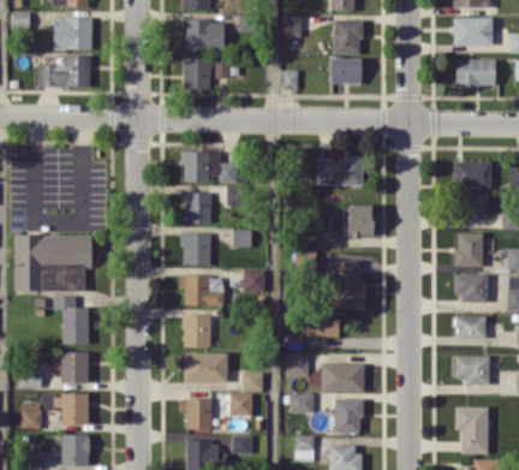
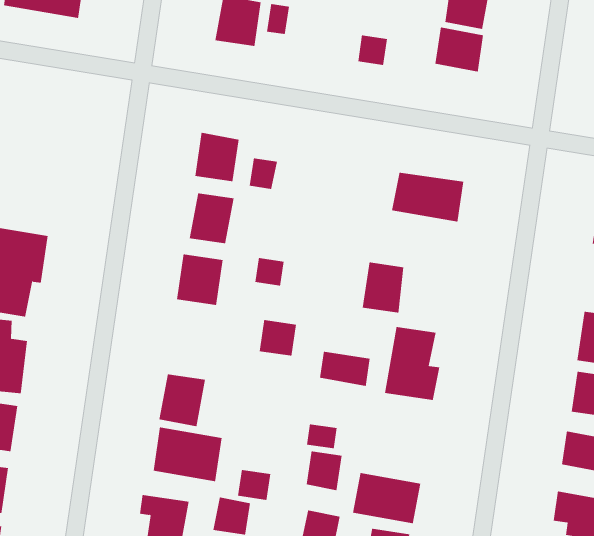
building: [348,206,374,237] -> [362,262,404,313]
building: [179,275,223,307] -> none
building: [306,319,339,338] -> [319,351,371,387]

